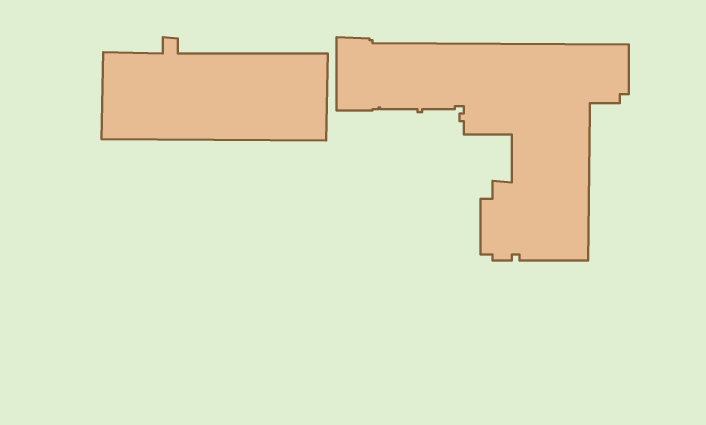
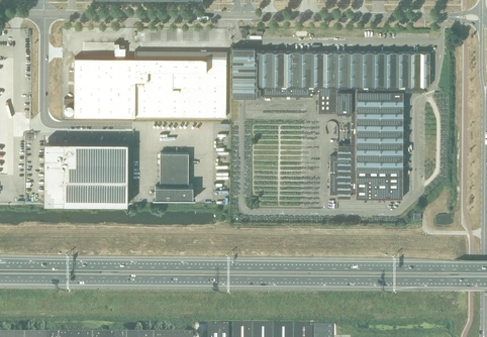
building: none -> [43,139,127,204]
building: none -> [155,151,193,198]

